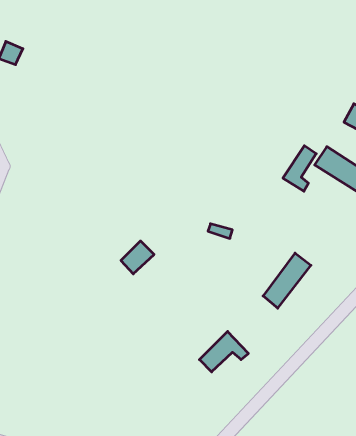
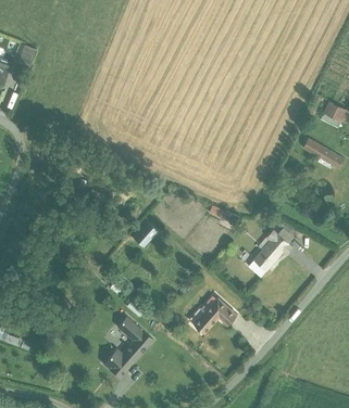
building: [283,146,316,191] -> none
building: none -> [103,318,150,375]

